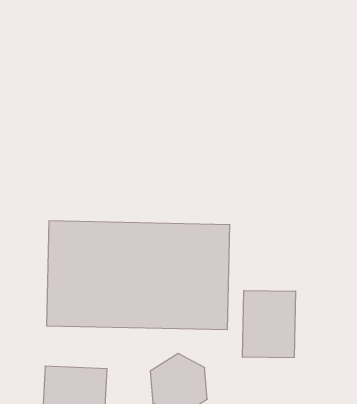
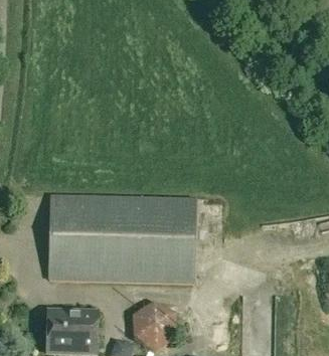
building: [242,290,296,358] -> none

